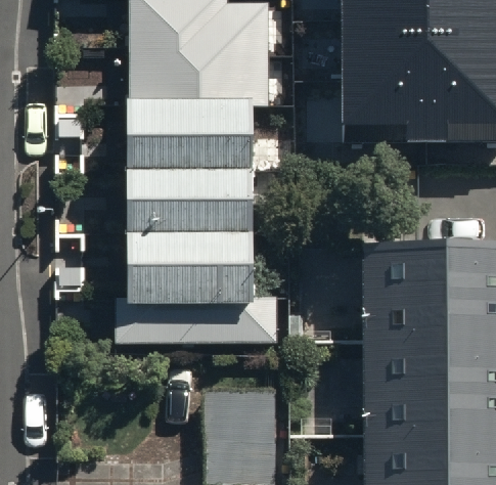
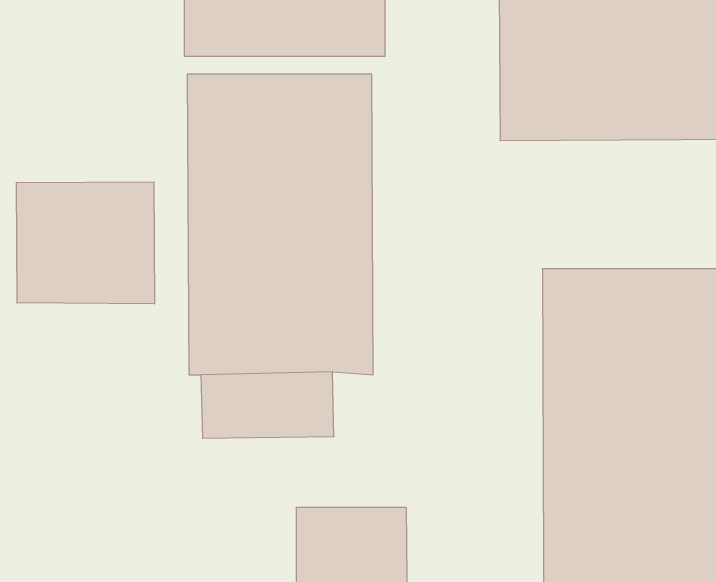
building: none -> [16,182,155,304]

